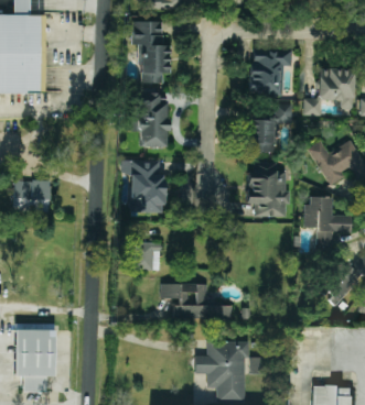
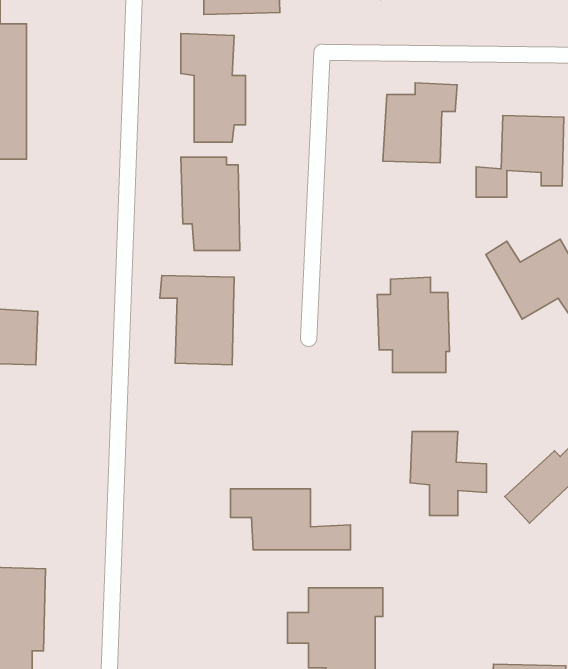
building: [247,105,291,152] -> none
building: [305,197,350,245] -> [410,432,487,515]
building: [132,242,160,271] -> none

